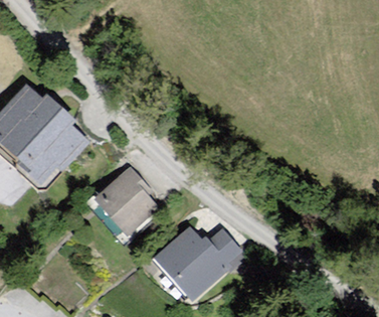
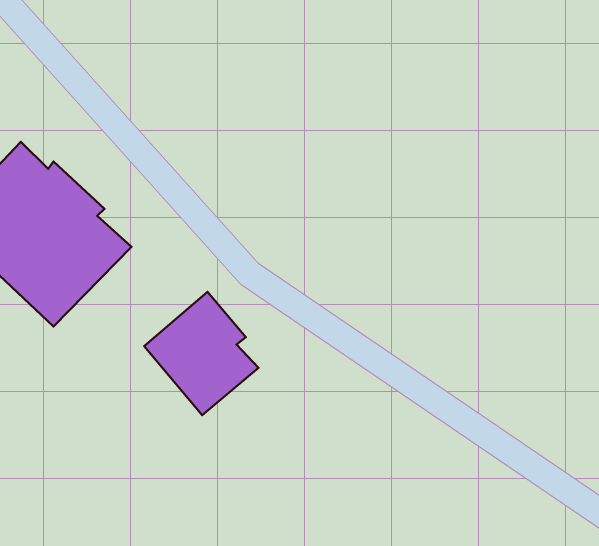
building: [155,225,241,301] -> none

